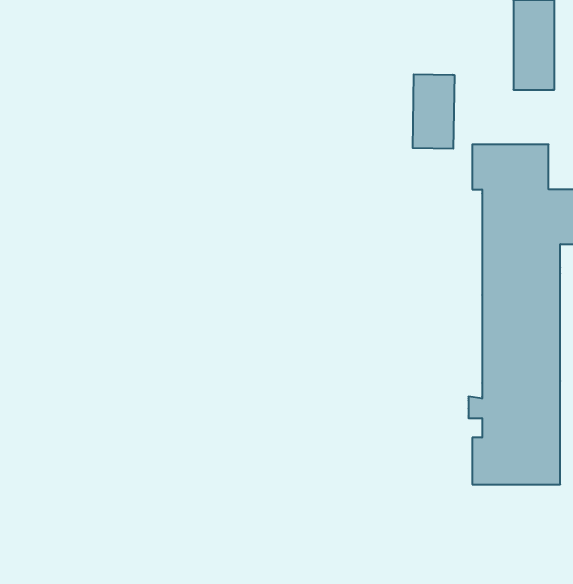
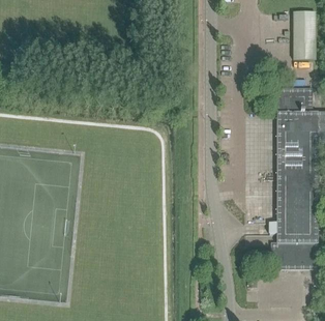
building: [413,74,454,149] -> none

